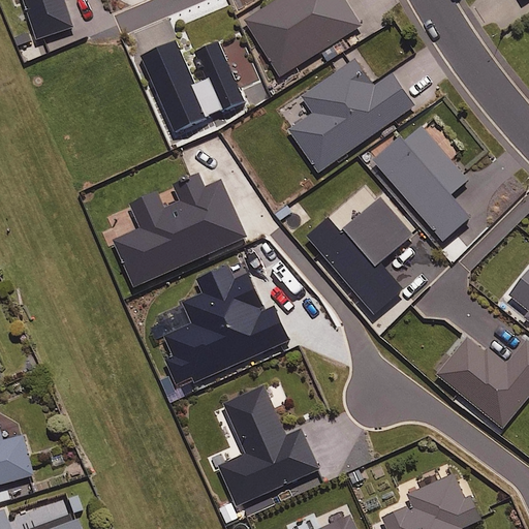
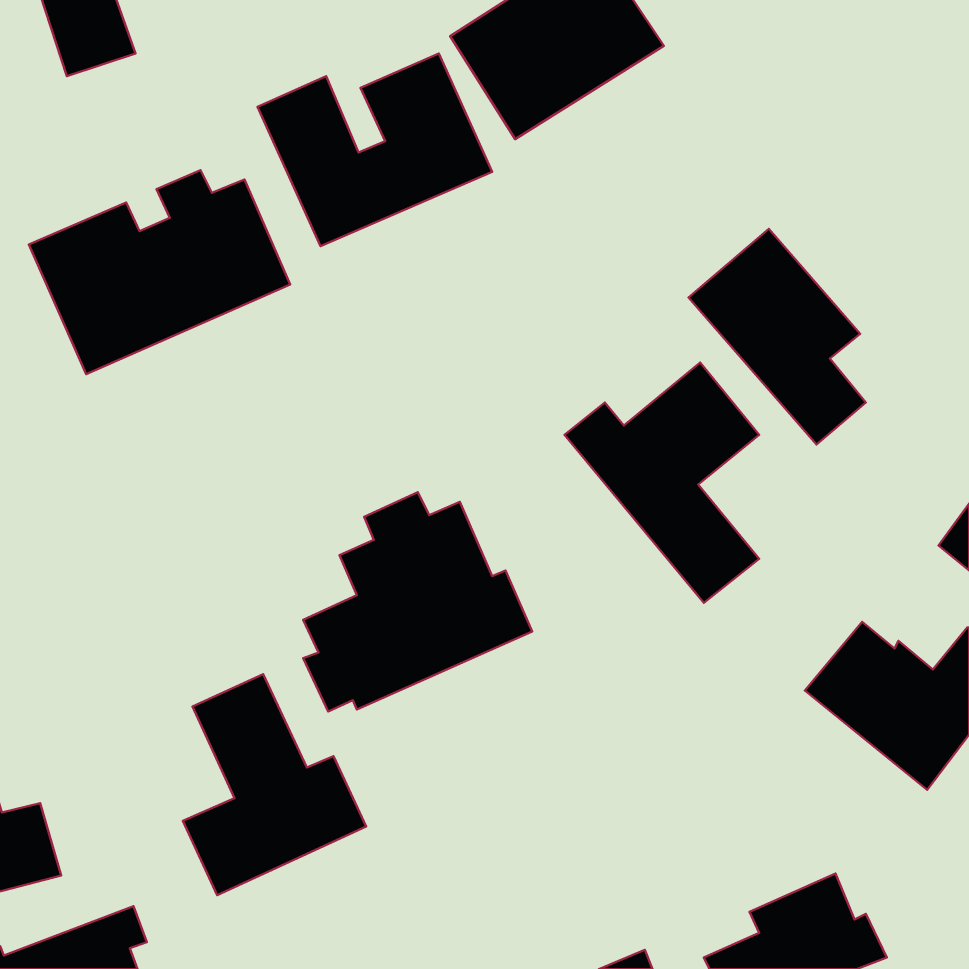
building: [288,58,412,172] -> none
building: [103,175,245,285] -> [29,170,290,374]
building: [218,385,317,505] -> [183,674,366,895]

